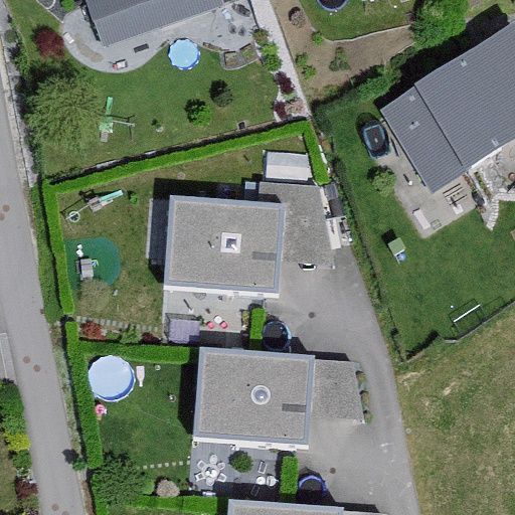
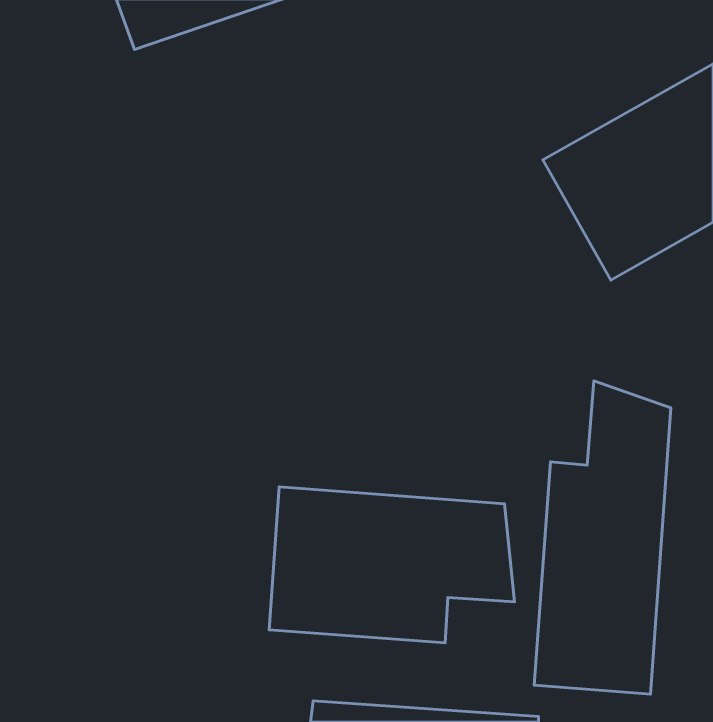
building: [160,174,344,307] -> none
building: none -> [534,381,671,694]

